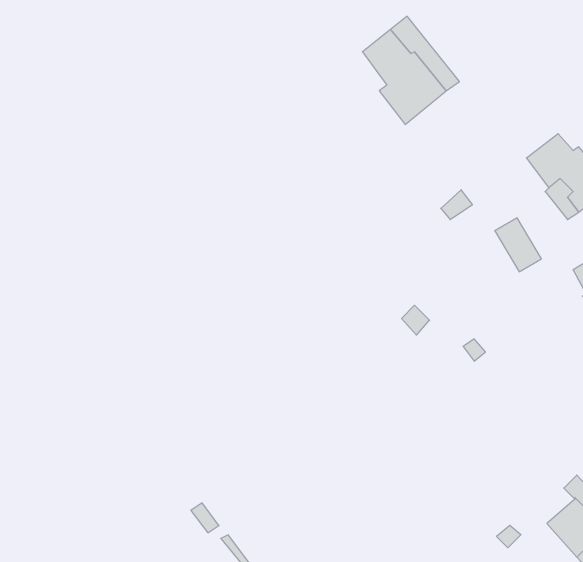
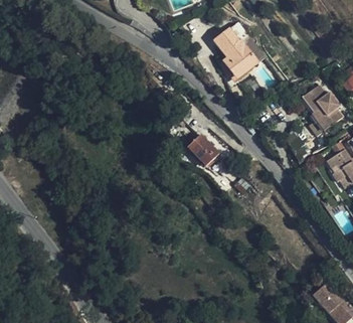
building: none -> [187,134,218,166]

